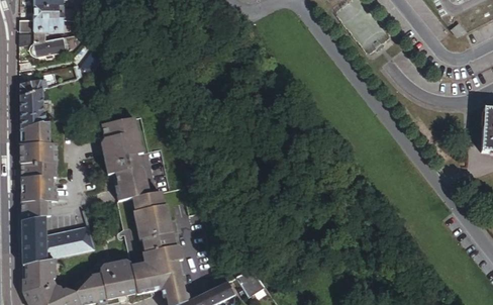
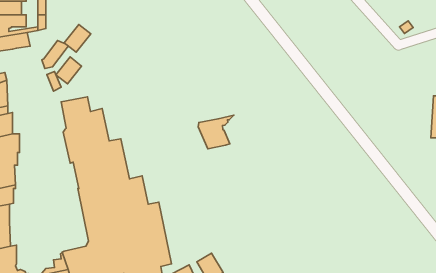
building: none -> [64,24,91,52]
building: none -> [56,57,82,84]
building: none -> [198,115,234,149]
building: [44,227,94,261] -> none

